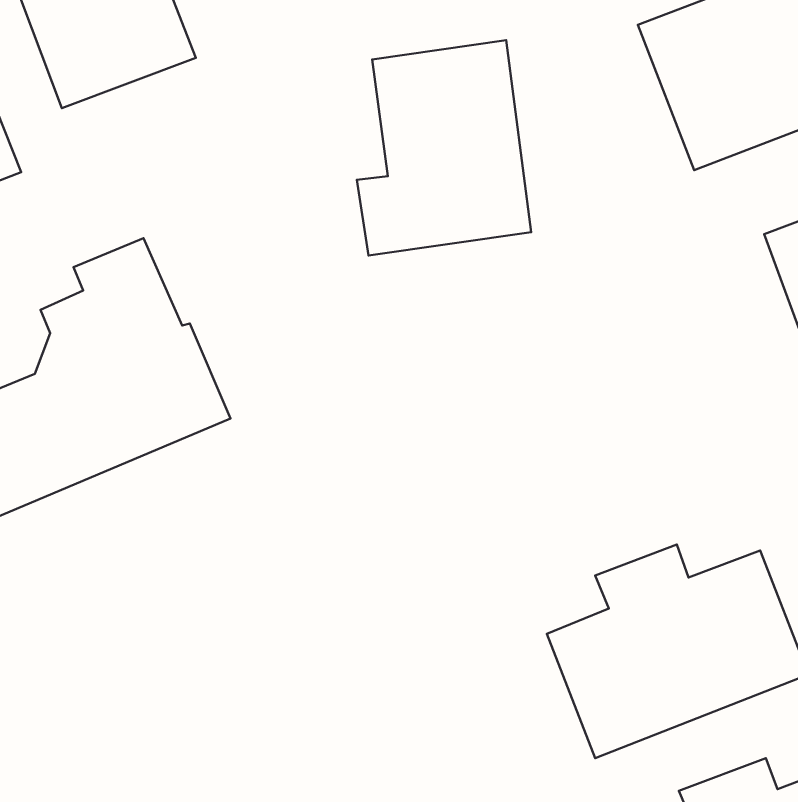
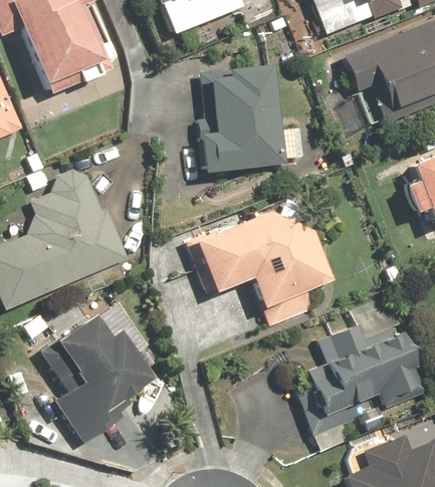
building: none -> [187,199,335,328]
building: none -> [52,315,153,444]

